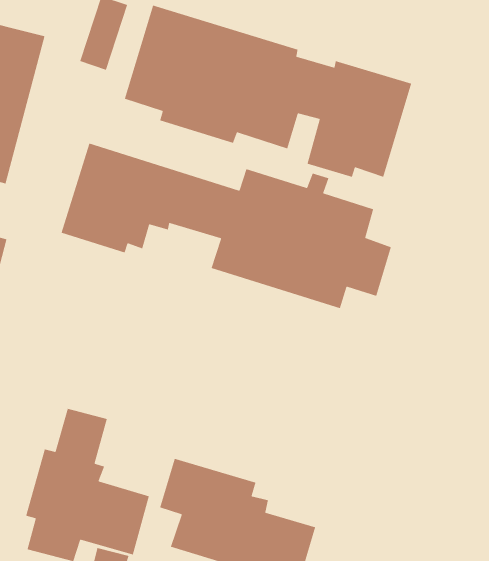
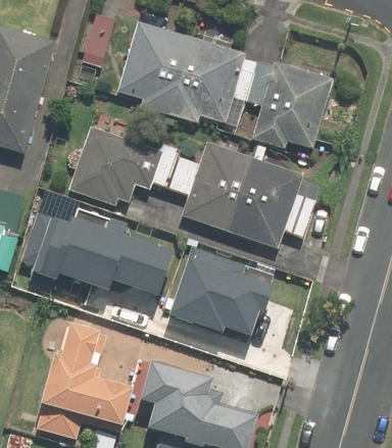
building: none -> [33,214,174,301]
building: none -> [170,262,273,341]

